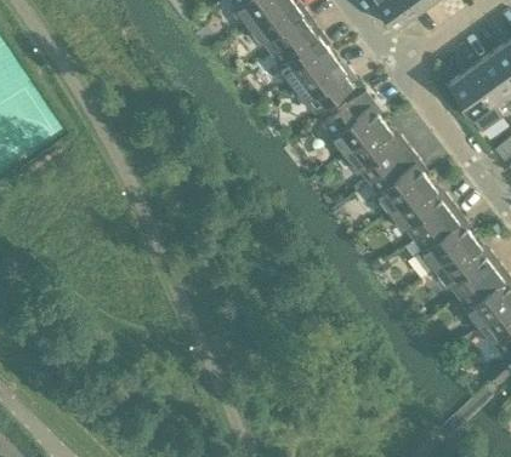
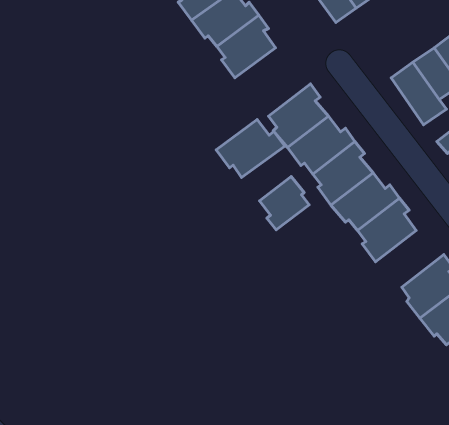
building: [289,56,358,114] -> [216,120,285,177]
building: none -> [260,177,309,230]
building: [431,240,500,297] -> none

